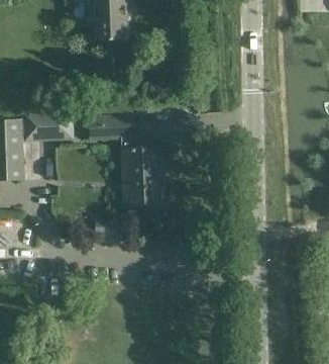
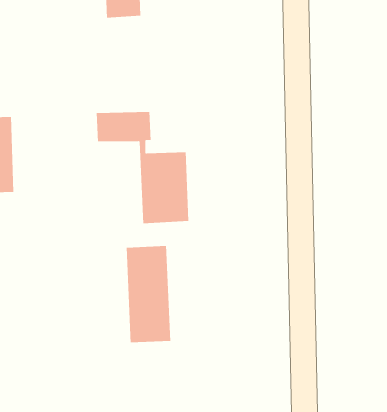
building: [24,116,53,141] -> none
building: none -> [126,245,171,343]

